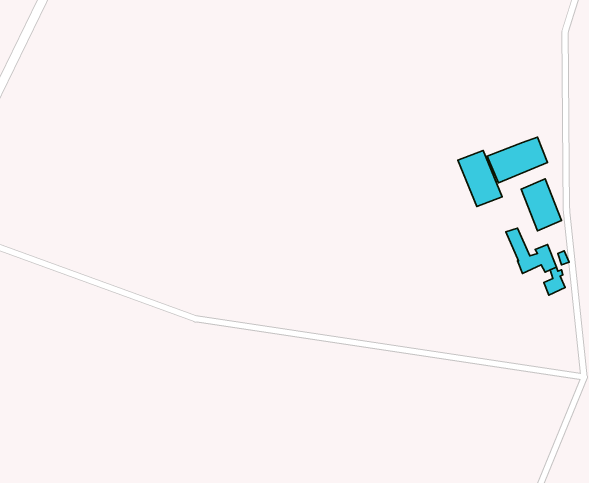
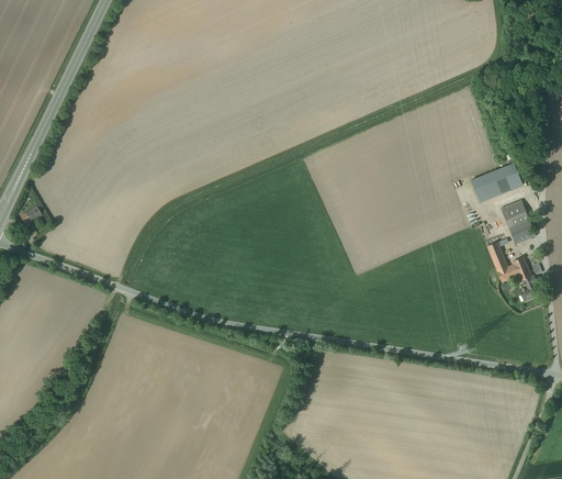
building: [458,151,502,207] -> none

